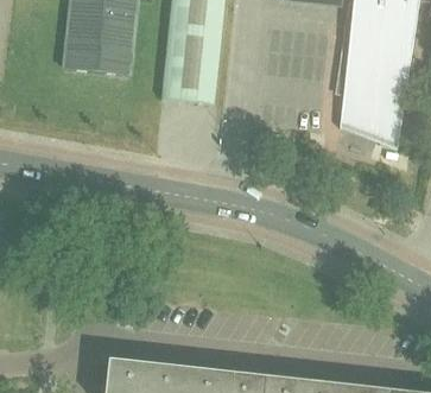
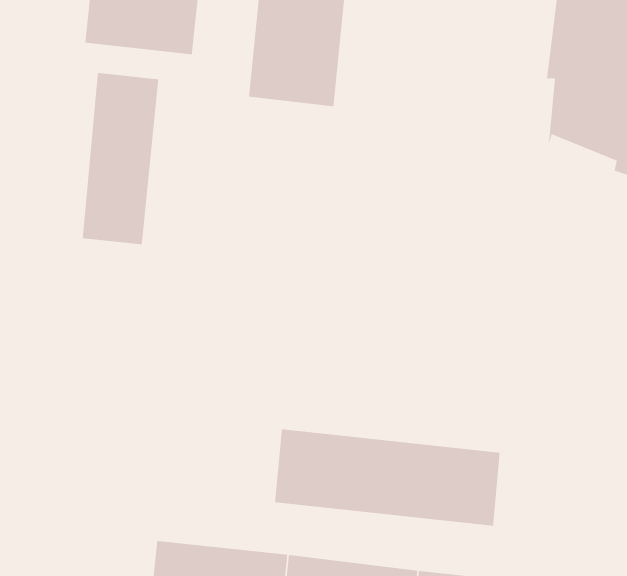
building: none -> [82,72,159,245]
building: none -> [275,429,500,526]

